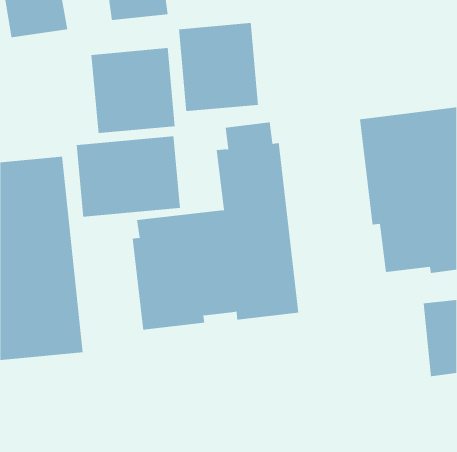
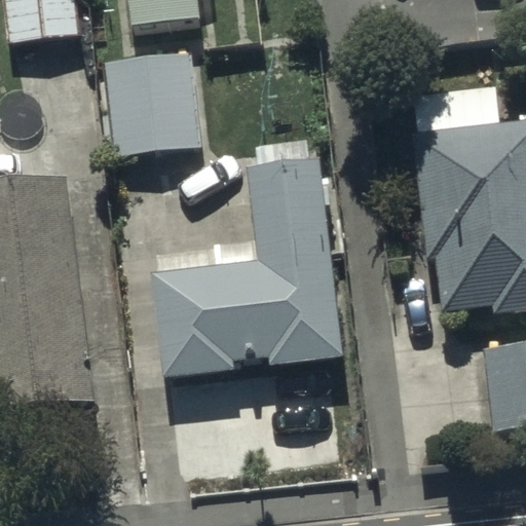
building: [178,22,259,112] -> none
building: [76,136,180,217] -> none

